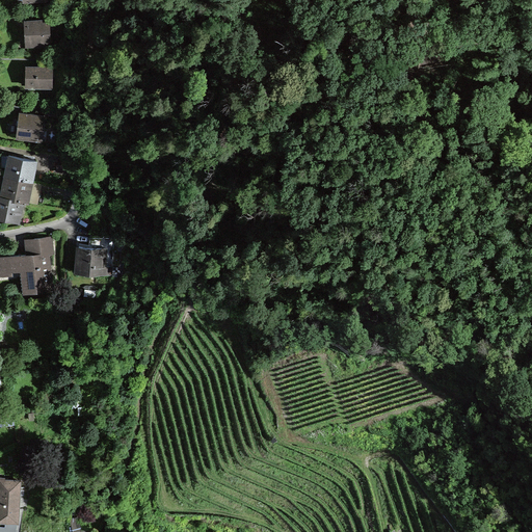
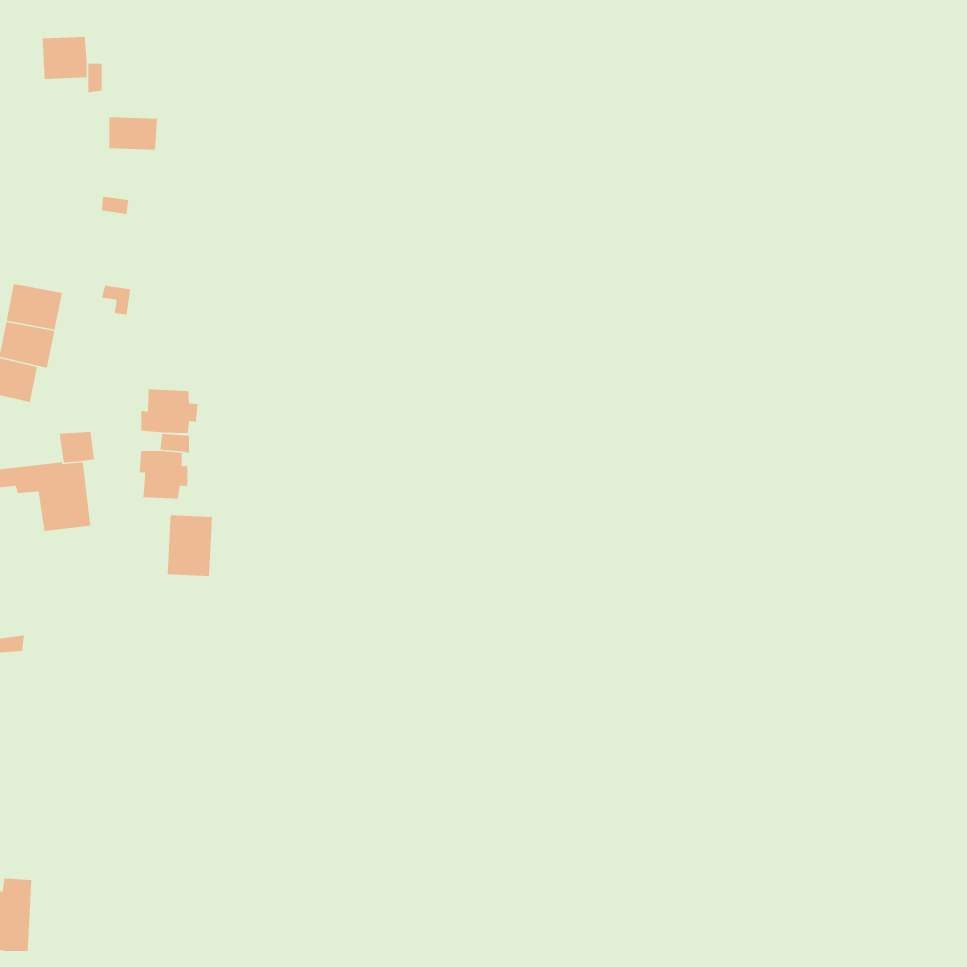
building: [24,69,51,87] -> [108,116,158,151]
building: [15,114,45,141] -> none
building: none -> [140,388,199,434]
building: none -> [167,515,213,577]

